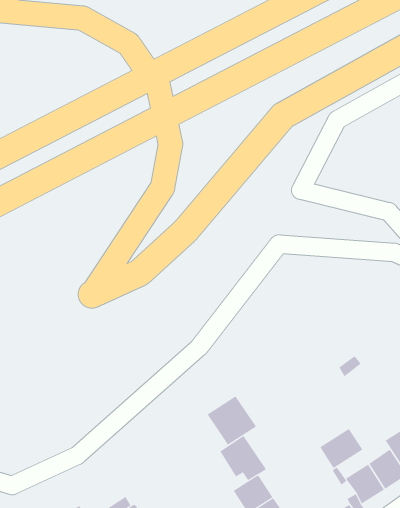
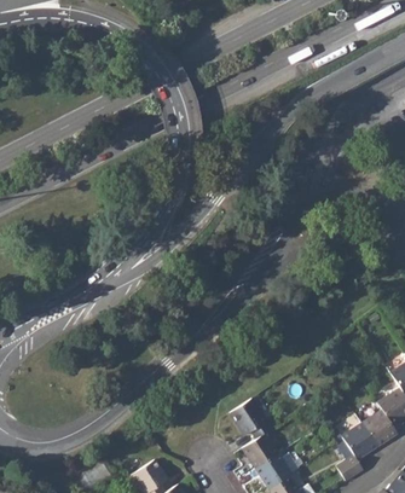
building: [207,395,257,446] -> none
building: [319,428,363,469] -> none

